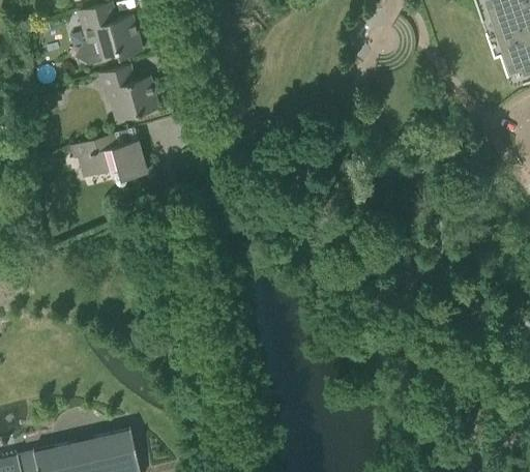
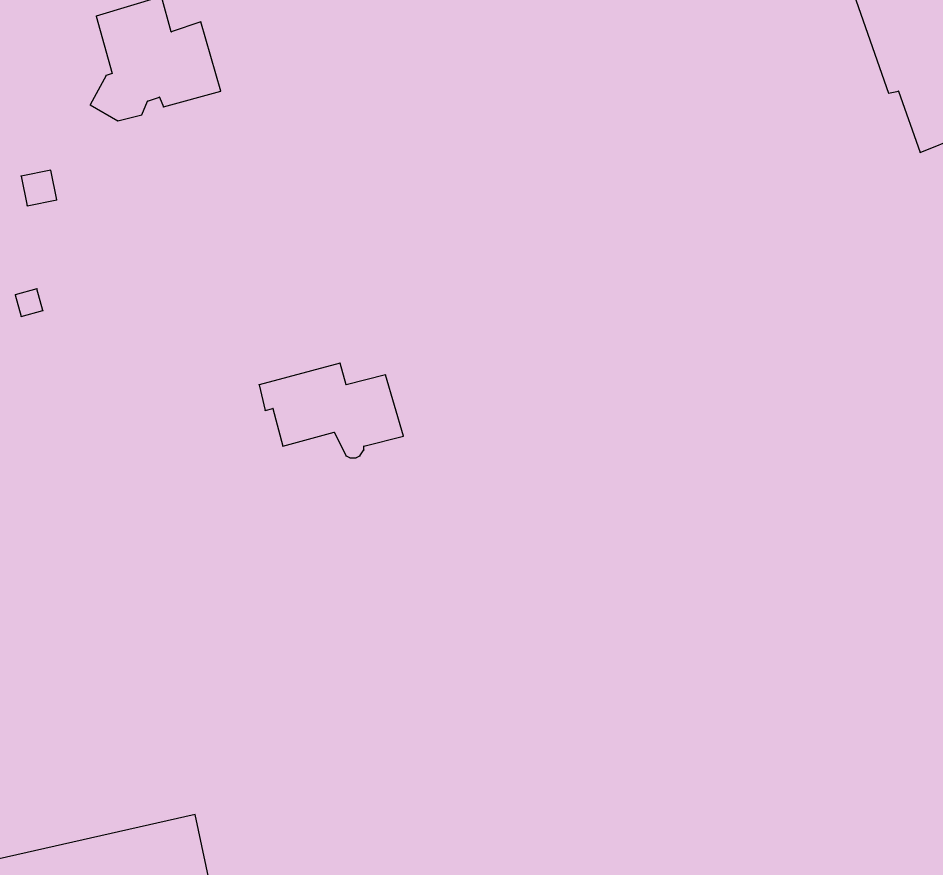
building: [99,65,160,120] -> none
building: [72,135,148,184] -> [259,363,403,458]

